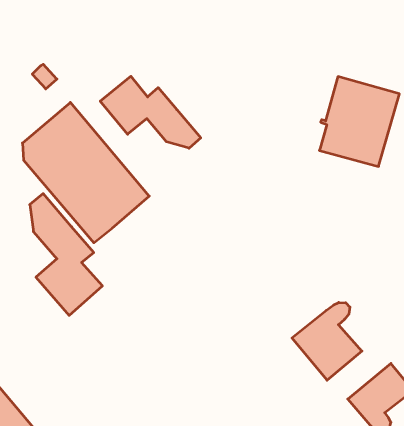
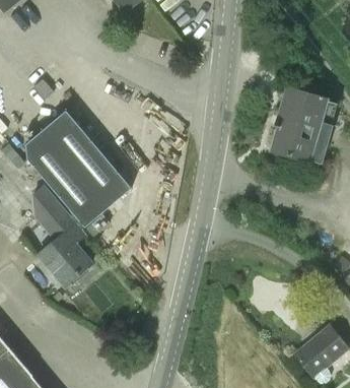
building: [100,76,201,148] -> none
building: [292,302,362,380] -> none

